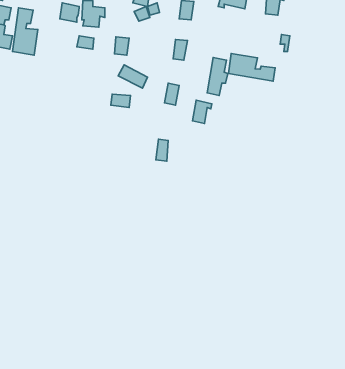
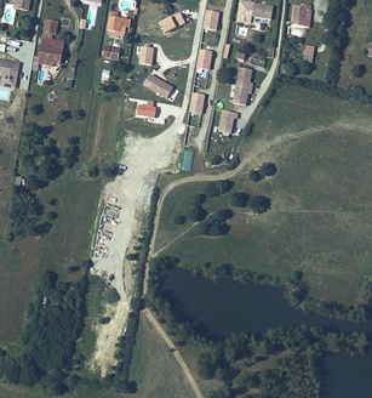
building: [228,53,275,81] -> none

